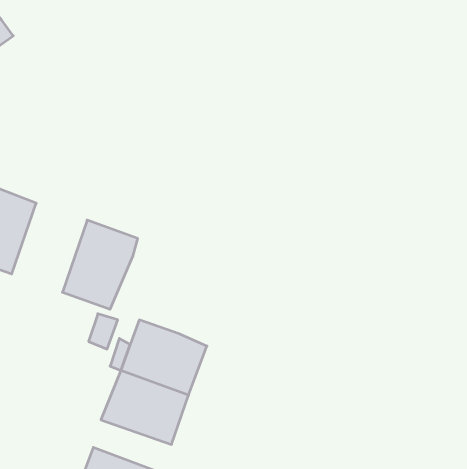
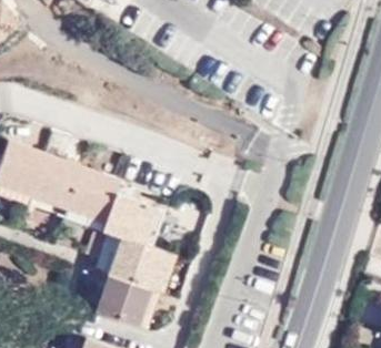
building: none -> [31,155,86,219]
building: none -> [102,193,166,249]

